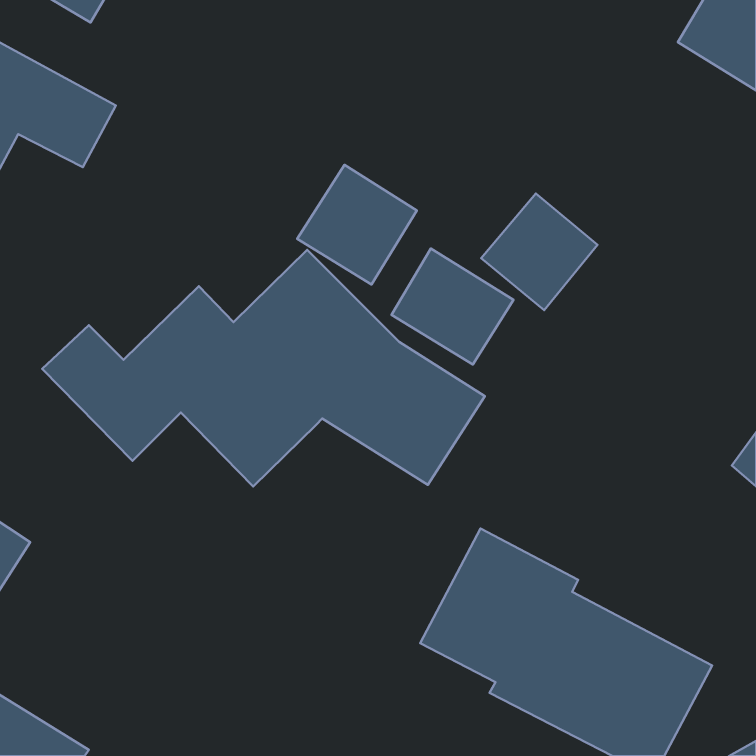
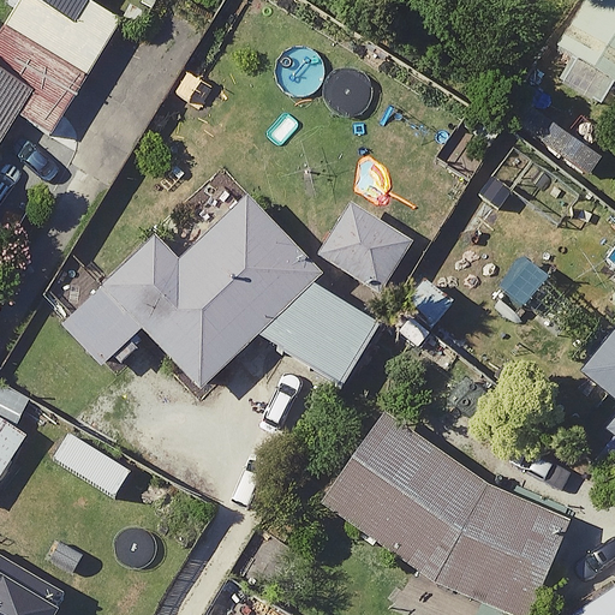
building: [297,165,417,285] -> none
building: [481,194,597,310] -> none

